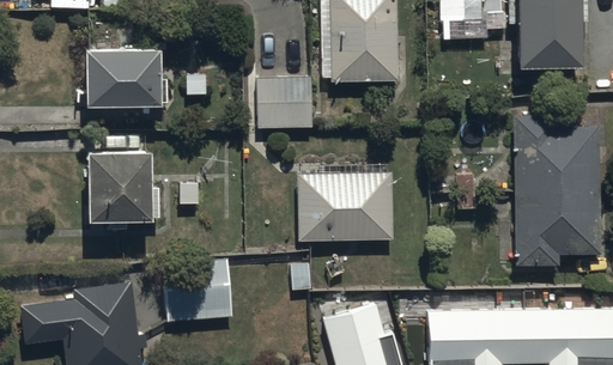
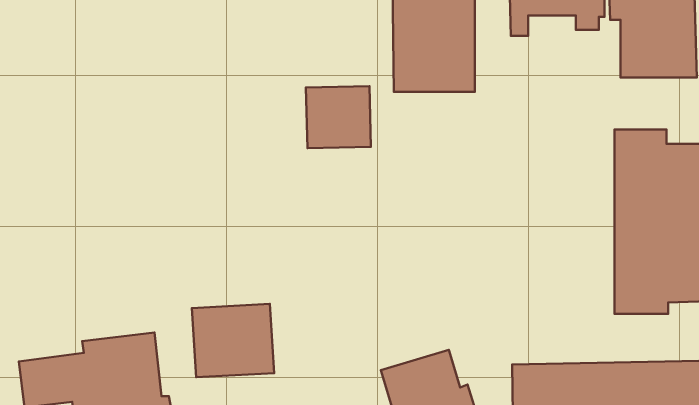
building: [85,49,162,105] -> none
building: [81,151,148,219] -> none
building: [299,172,393,242] -> none

